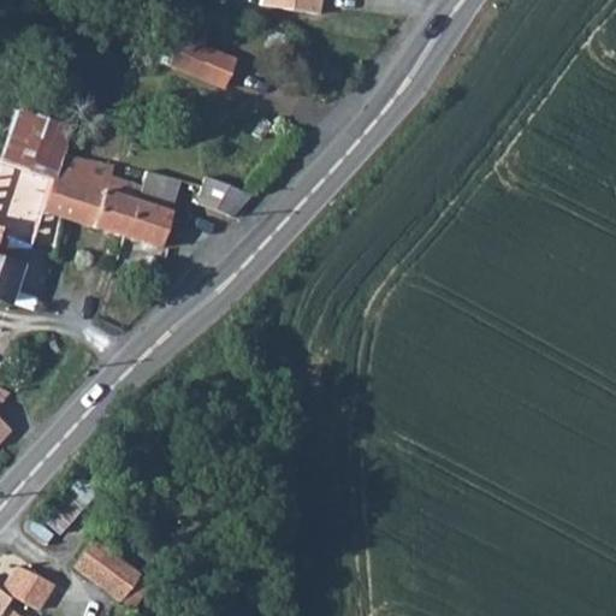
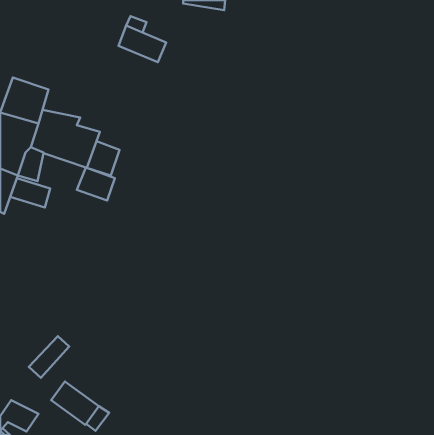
building: [138,171,182,212] -> none
building: [197,177,250,215] -> none
building: none -> [77,167,115,201]
building: none -> [10,178,50,207]

